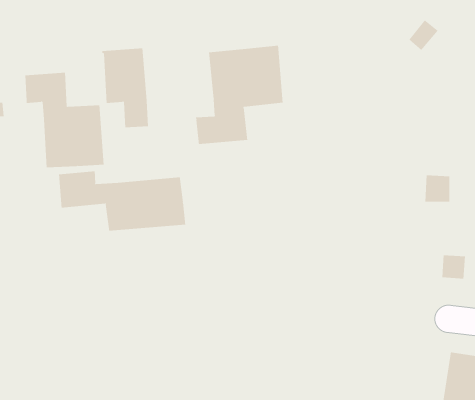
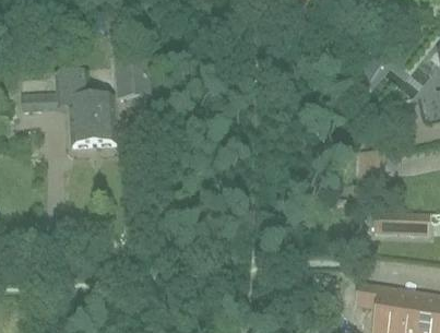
building: [195,45,283,145] -> none
building: [58,170,186,231] -> none

